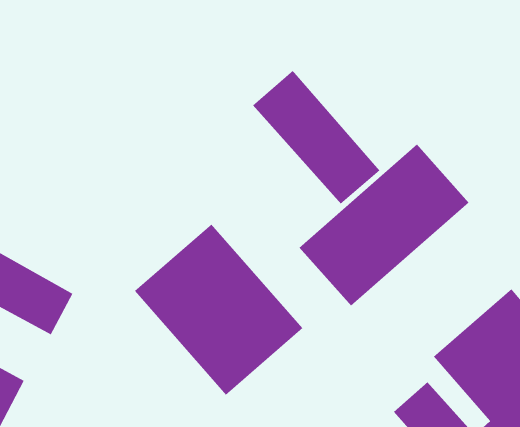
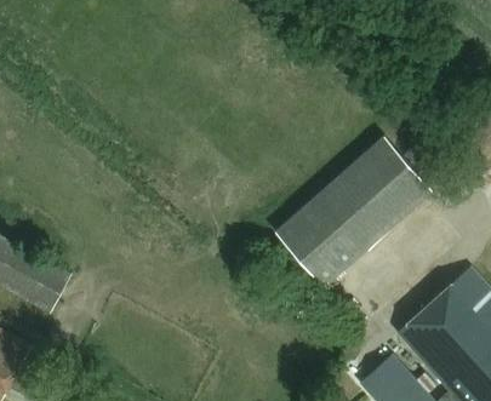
building: [252,70,380,204] -> none
building: [134,223,303,396] -> none

